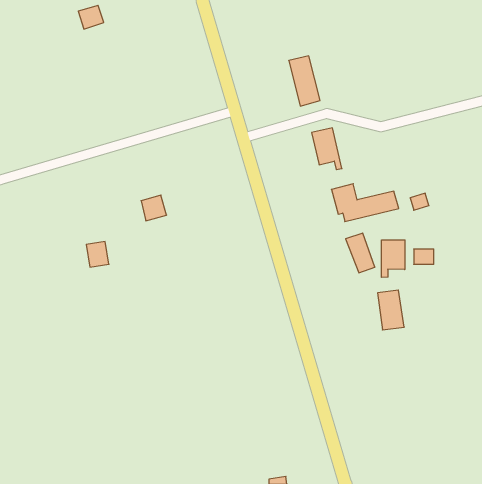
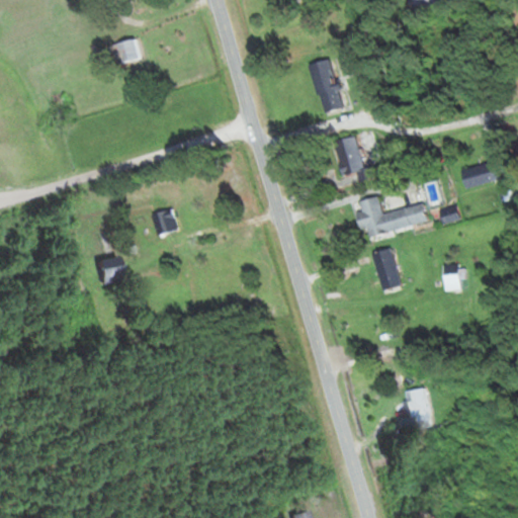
building: [78,5,104,29] -> [112,39,140,65]
building: none -> [461,162,500,189]
building: [382,240,405,277] -> none
building: [378,290,404,330] -> [404,388,432,431]

